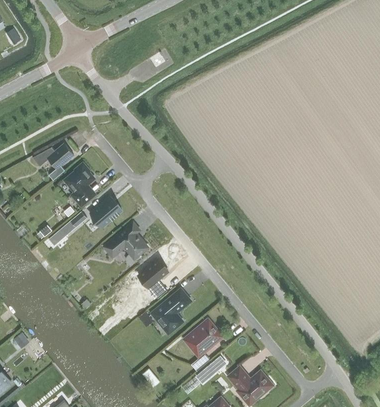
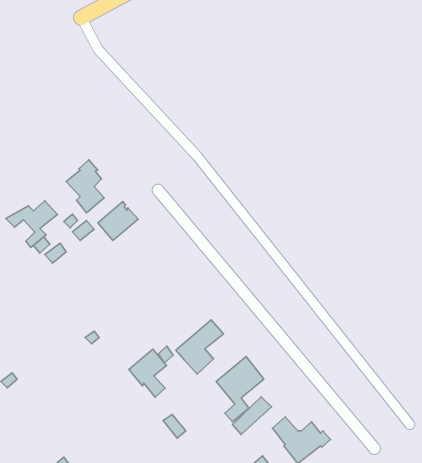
building: [33,143,74,180] -> [6,201,57,247]
building: [104,223,147,262] -> none
building: [138,259,168,297] -> [129,349,167,397]

